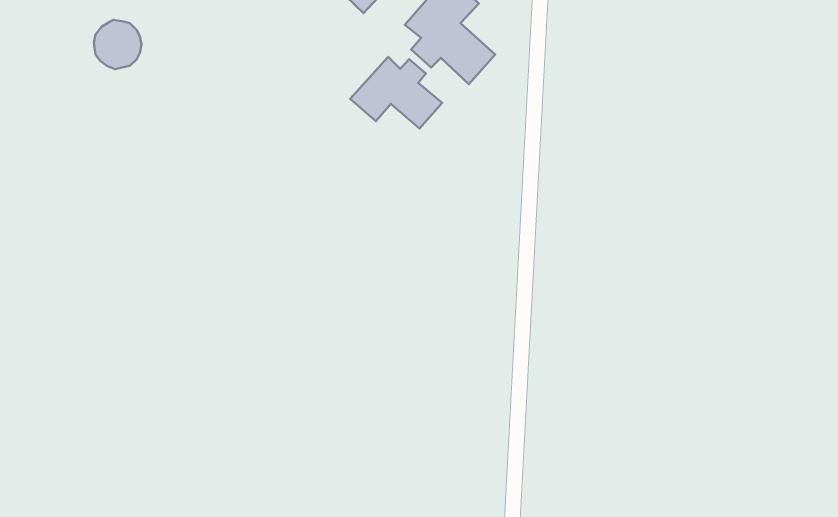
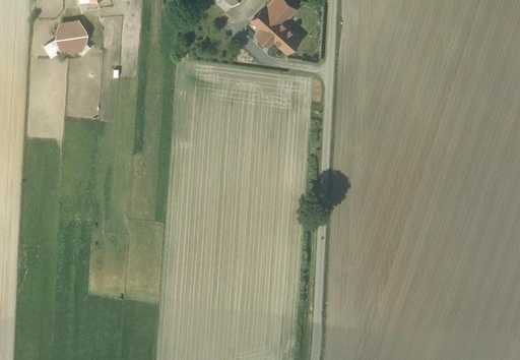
building: [350,57,442,129] -> none

